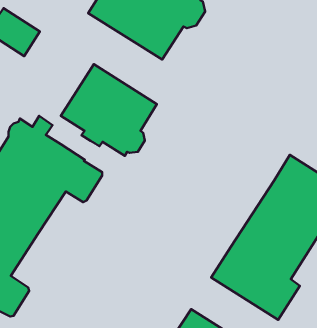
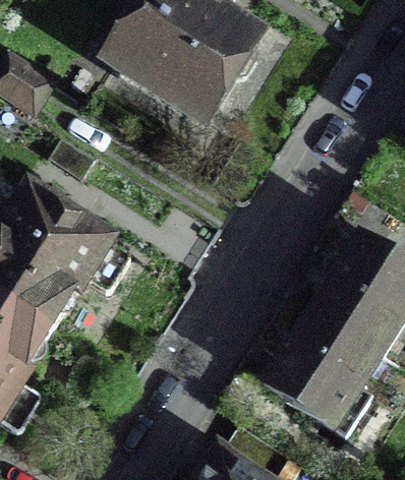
building: [61,64,157,156] -> none

